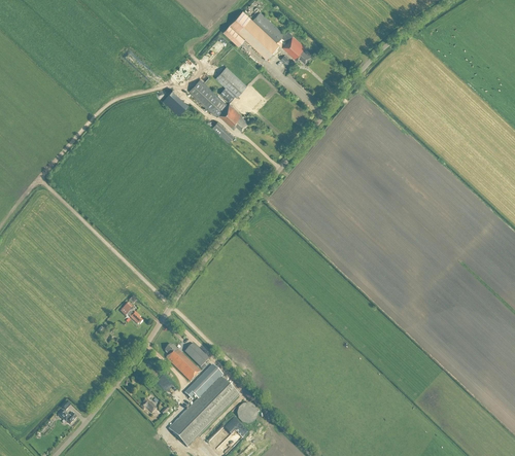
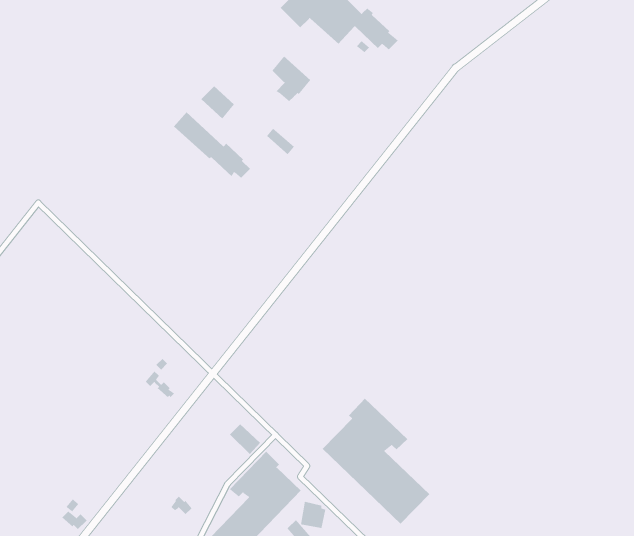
building: [188,78,247,129] -> [173,112,251,178]
building: none -> [322,398,430,524]
building: [164,344,199,380] -> none

